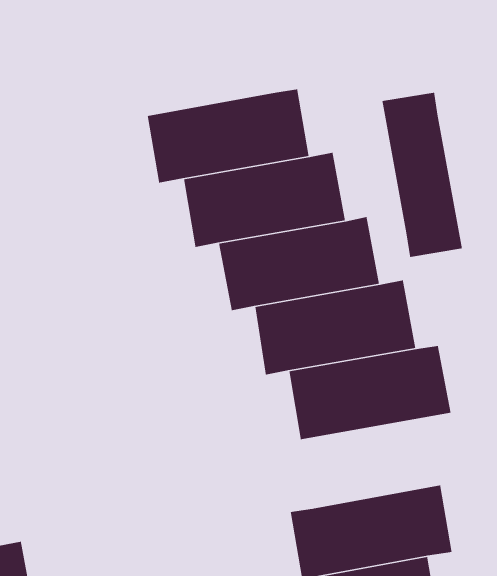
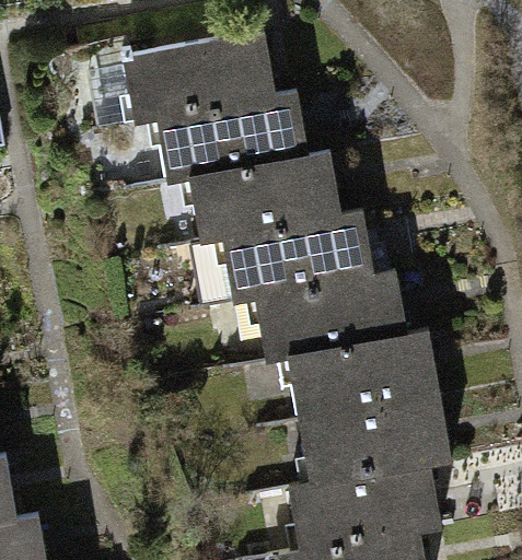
building: none -> [119,31,274,122]
building: [381,92,463,258] -> none
building: none -> [298,396,450,485]

